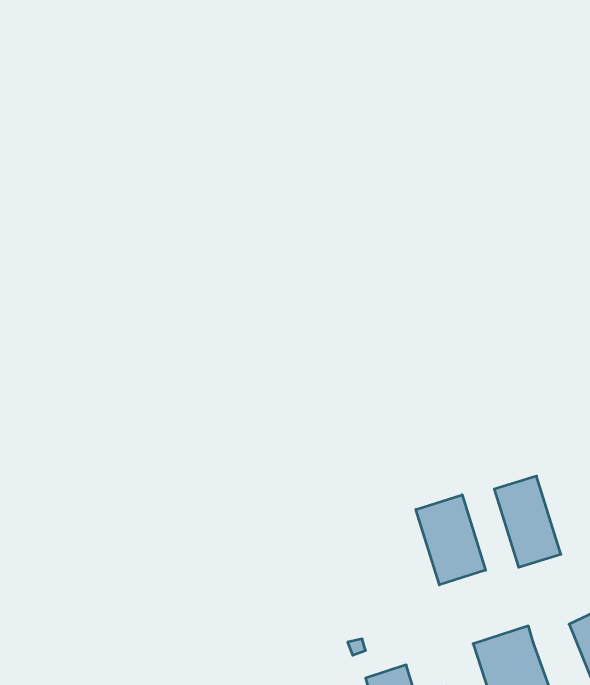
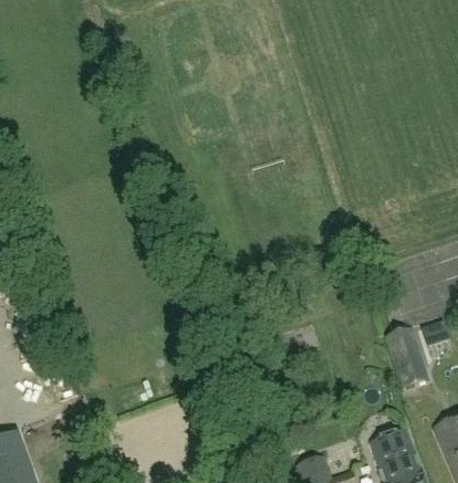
building: [416,495,486,585] -> none

